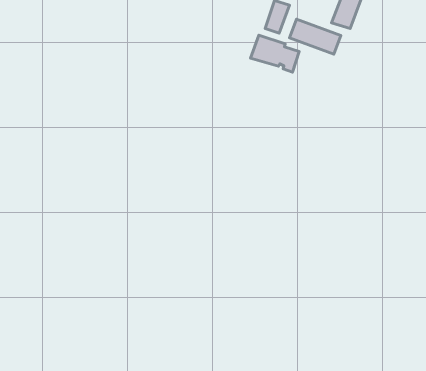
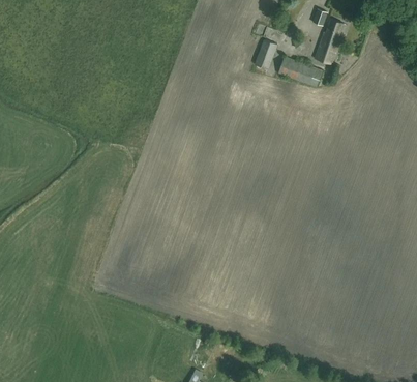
building: [250,35,299,72] -> none

